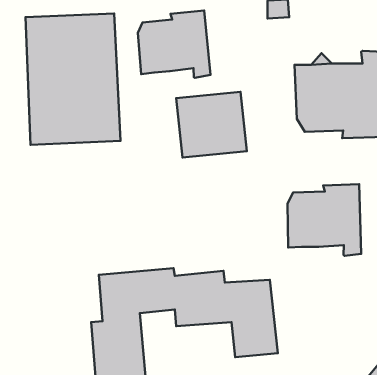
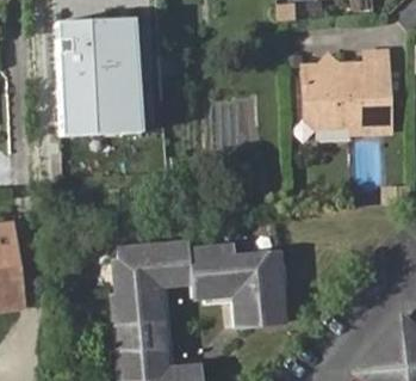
building: [138,10,211,78] -> none
building: [287,184,361,256] -> none

